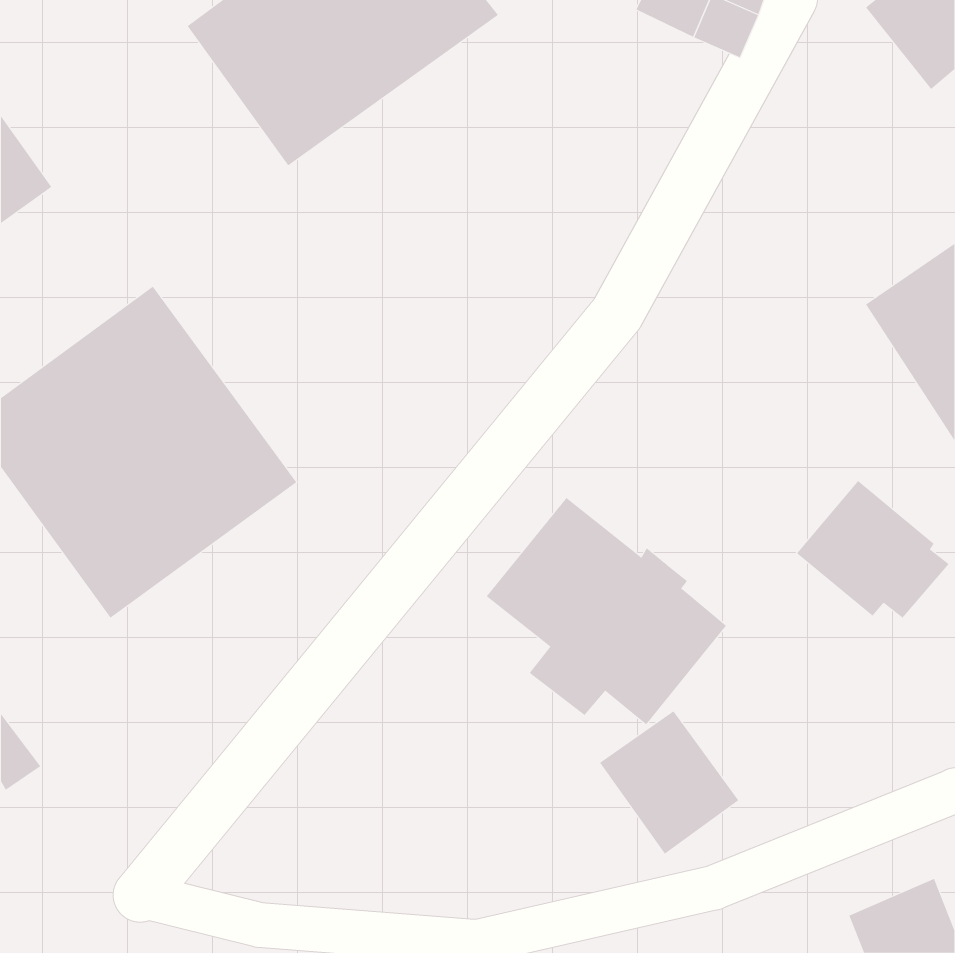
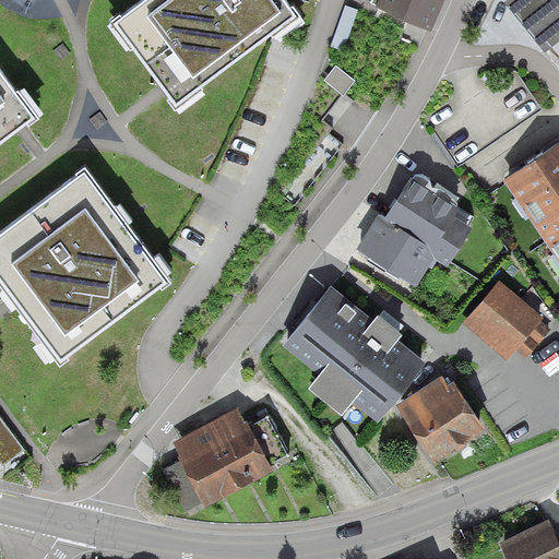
building: none -> [354,178,473,290]
building: [599,711,739,854] -> [400,372,481,456]
building: none -> [164,416,290,511]

